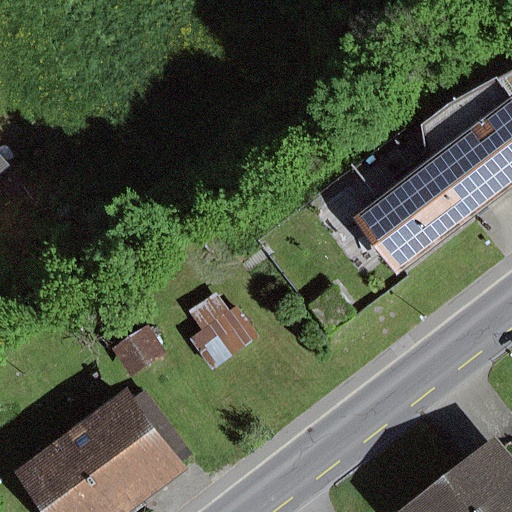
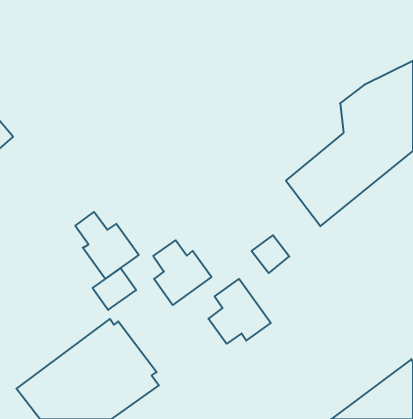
building: none -> [75,212,139,279]
building: none -> [208,279,271,344]

